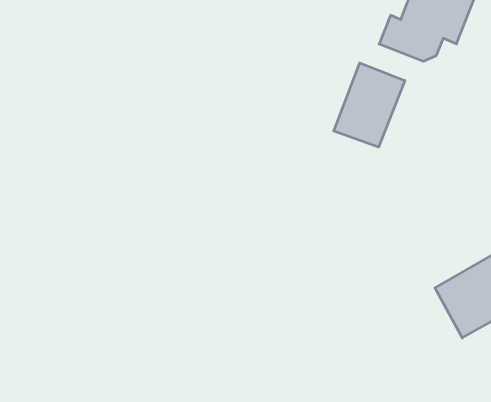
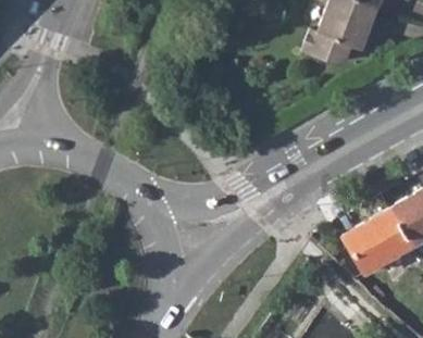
building: [334,63,405,147] -> none

